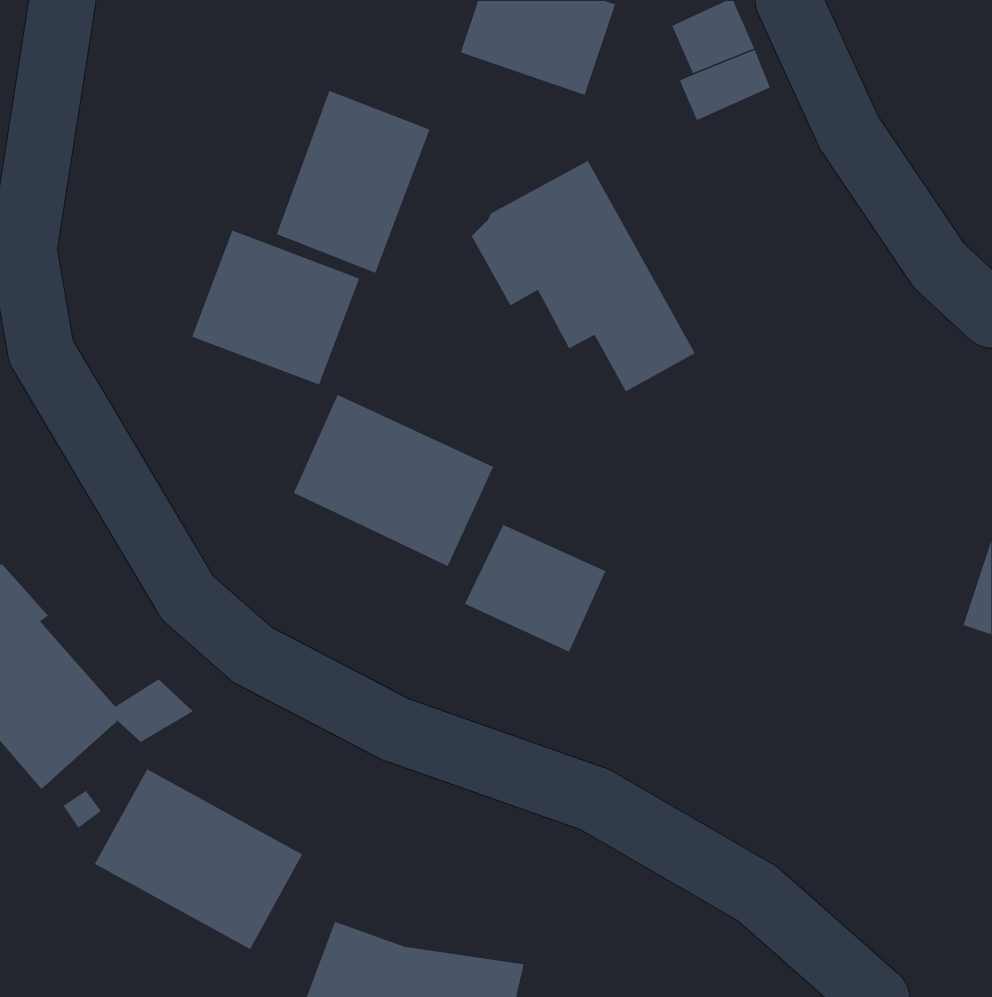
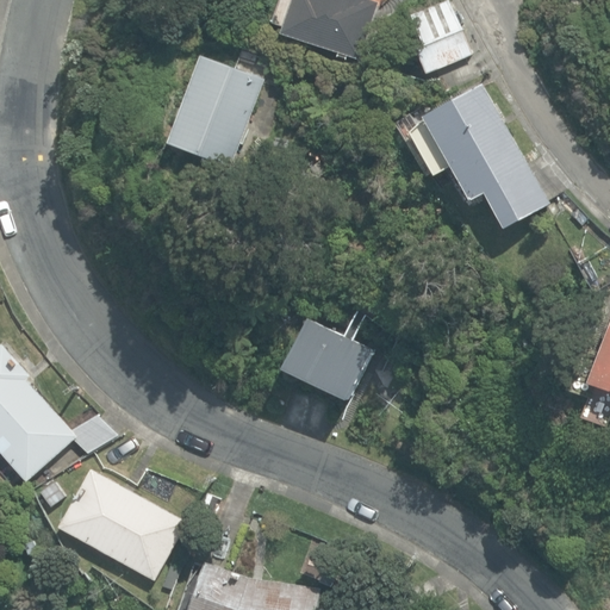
building: [471,160,696,393] -> [410,86,547,228]
building: [191,230,360,386] -> none
building: [293,394,494,567] -> none

